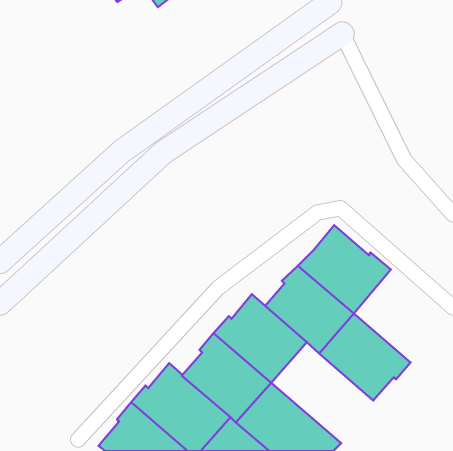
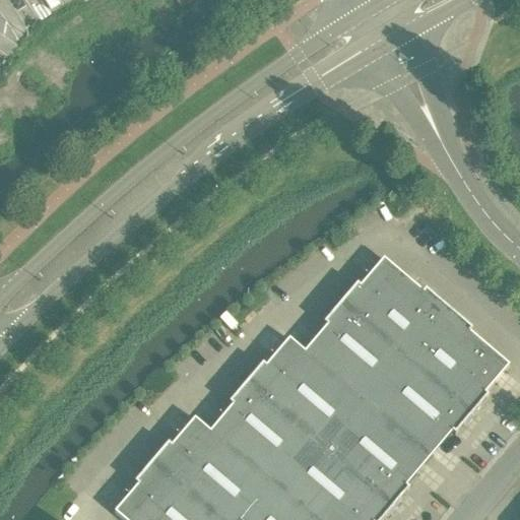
building: none -> [405,309,508,415]
building: none -> [311,392,428,508]

